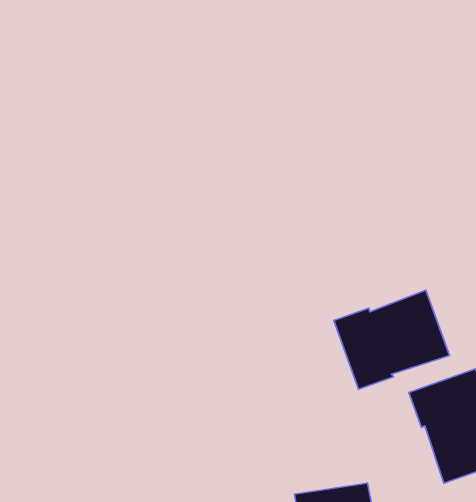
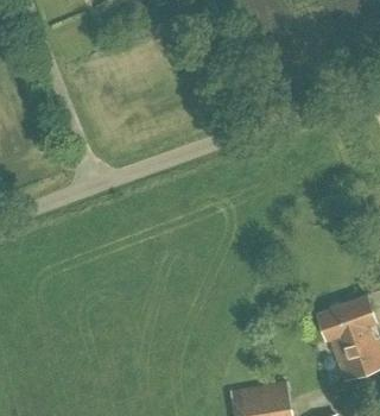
building: [334,290,449,389] -> none

